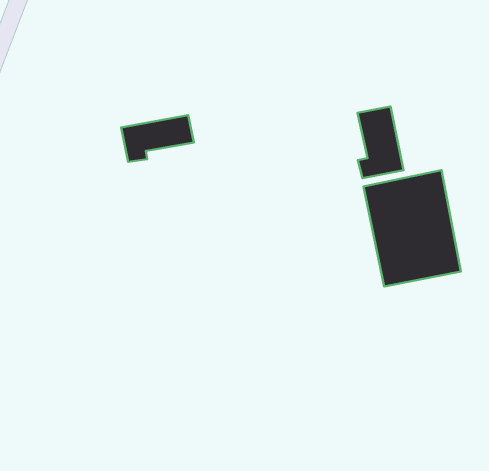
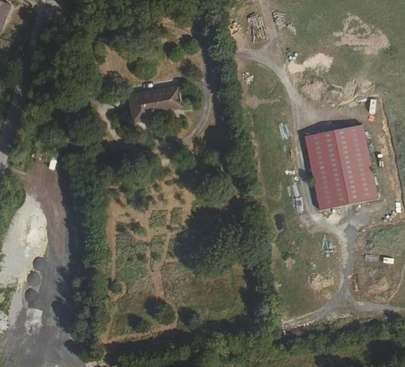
building: [358,106,404,178] -> none

